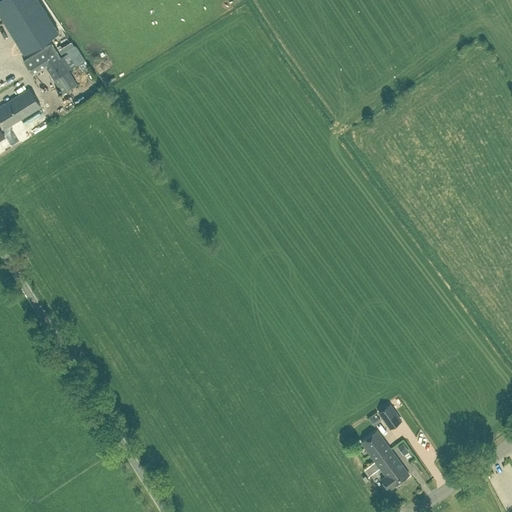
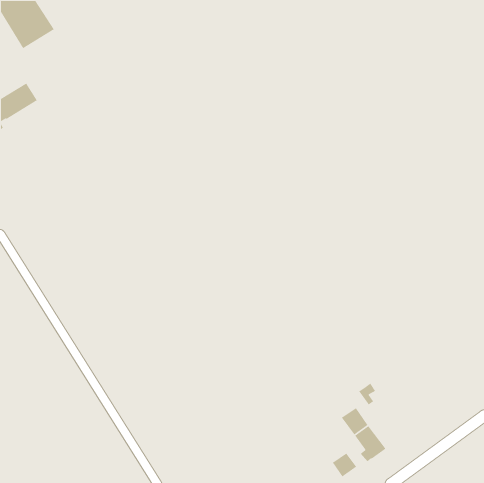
building: [22,42,76,94] -> none
building: none -> [332,452,357,478]

